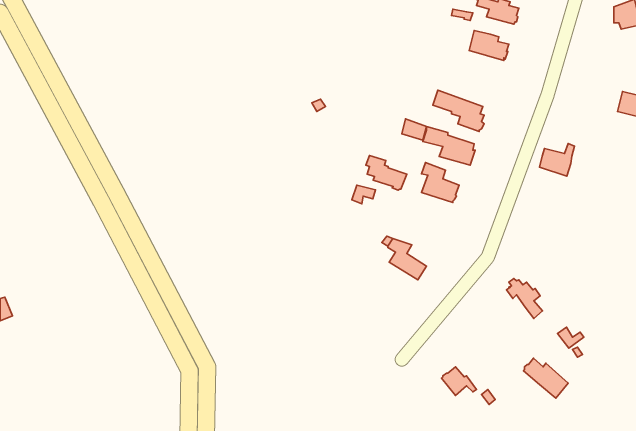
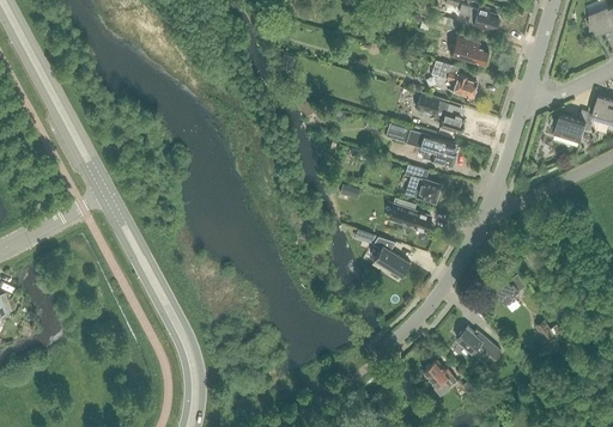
building: none -> [431,61,477,98]
building: [540,144,574,176] -> [554,110,588,141]
building: [366,155,407,190] -> [392,199,431,232]
building: [523,358,568,398] -> [457,328,500,366]

